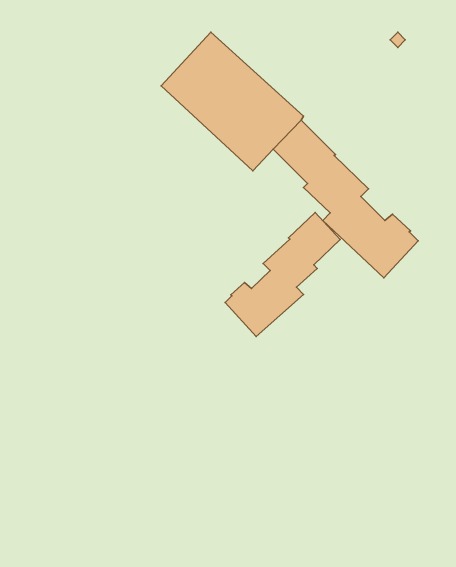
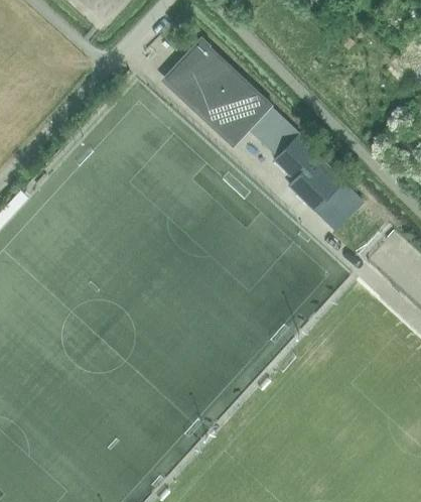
building: [225,212,340,337] -> none

